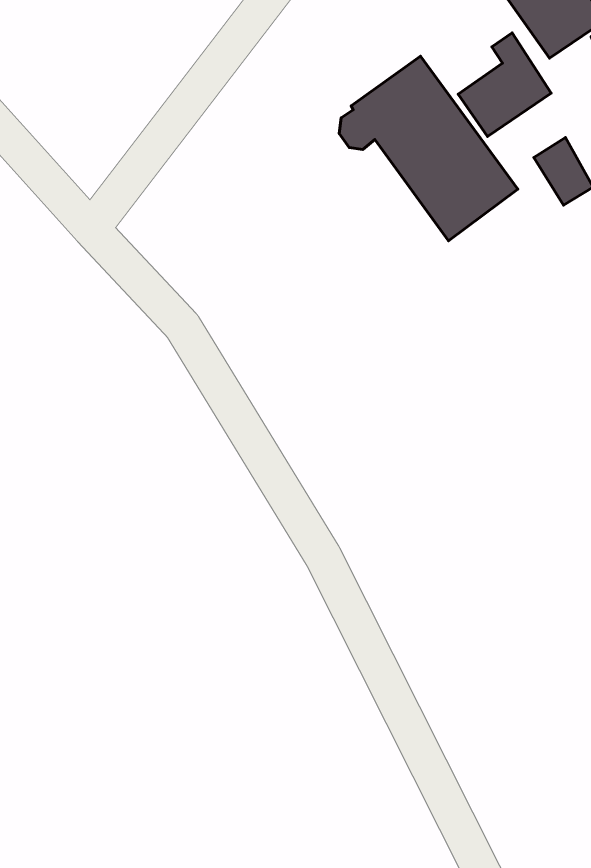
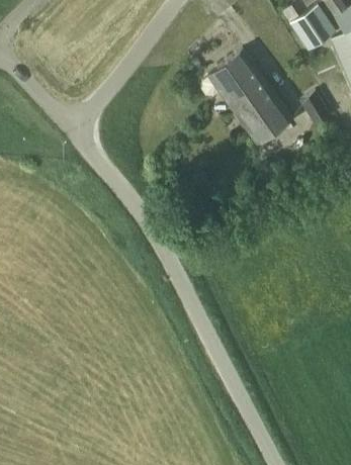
building: [458,33,551,136] -> none

